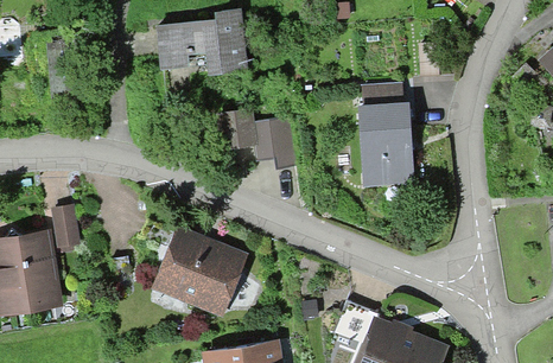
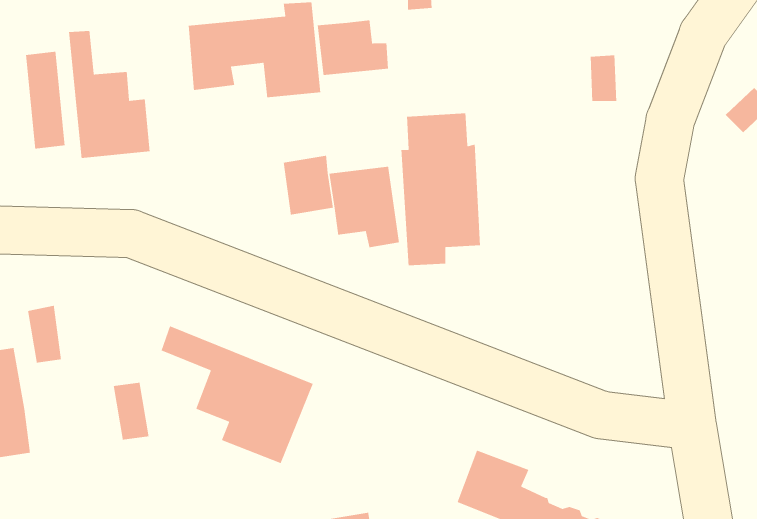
building: none -> [317,20,389,76]
building: none -> [68,30,150,159]
building: [358,84,411,184] -> [401,112,481,266]

